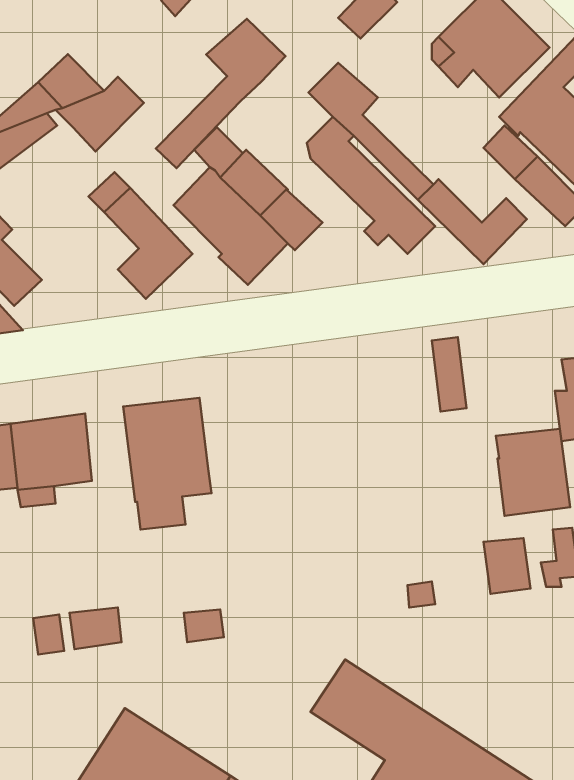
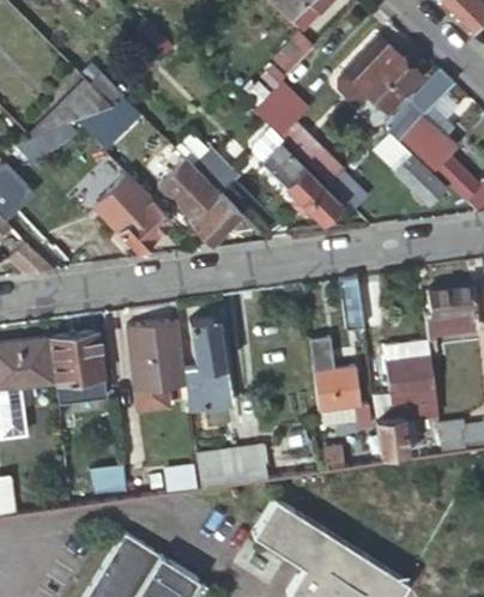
building: [156,19,286,168] -> none
building: none -> [184,316,230,411]
building: none -> [309,336,371,427]
building: none -> [196,446,264,481]

